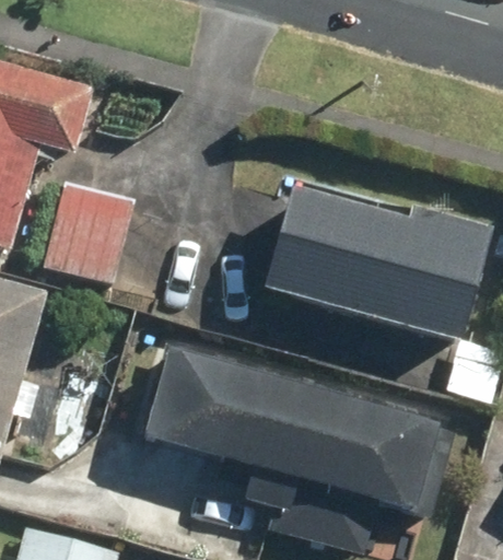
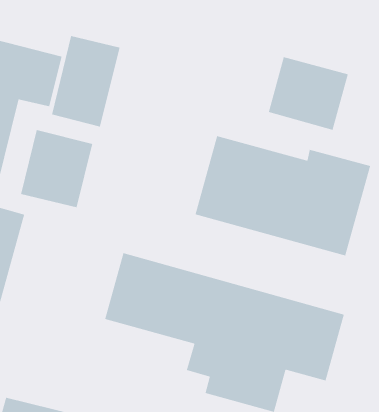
building: none -> [51,35,120,128]
building: none -> [268,56,349,131]

